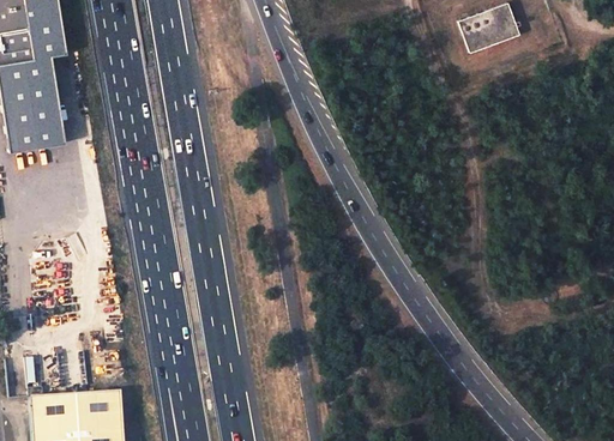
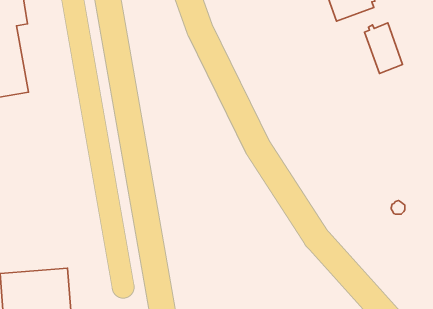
building: none -> [364,23,402,74]

